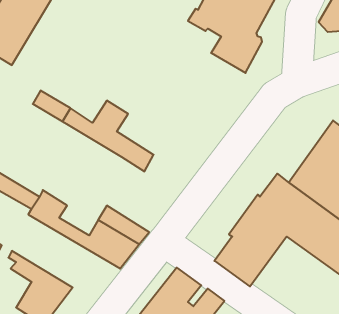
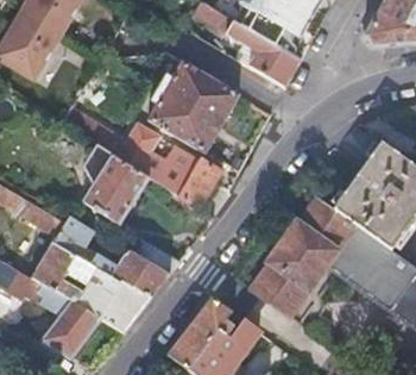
building: none -> [149,61,239,151]
building: none -> [83,144,152,225]
building: none -> [177,155,220,210]
building: none -> [30,240,151,335]

